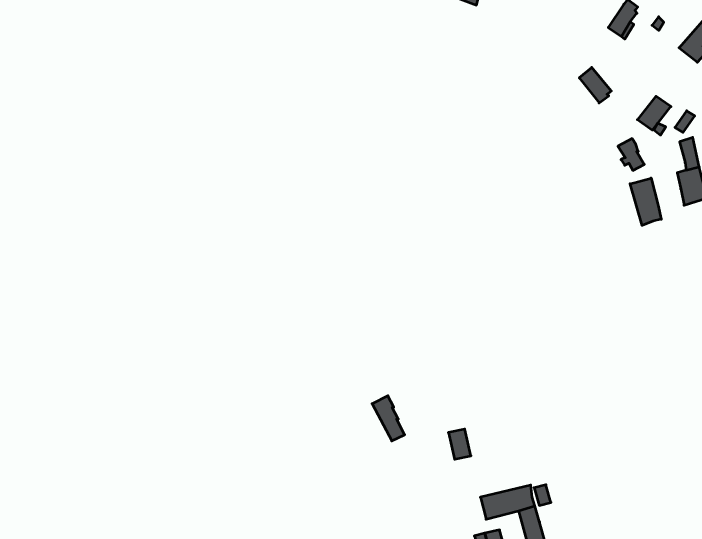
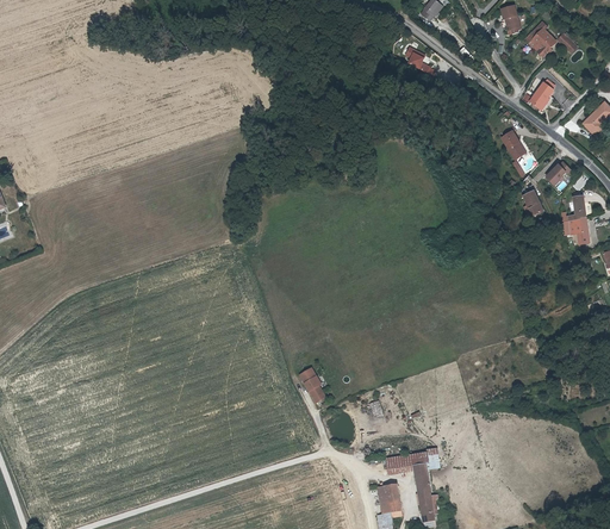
building: [630,178,661,225] -> none

